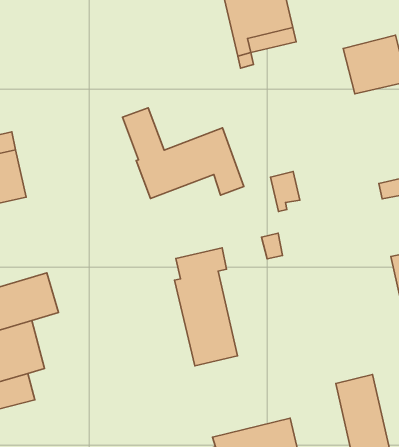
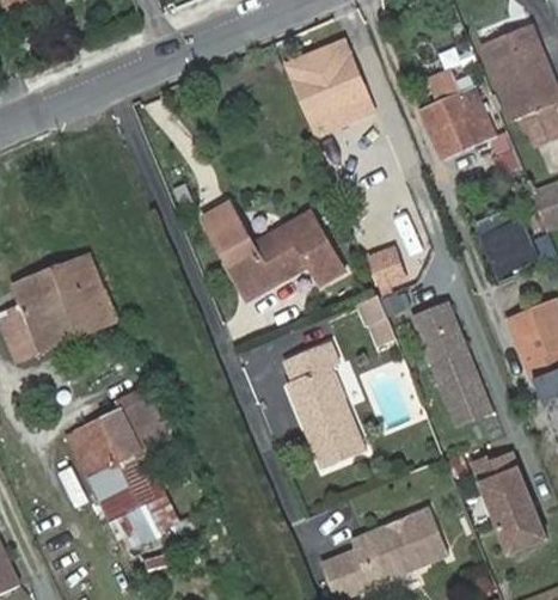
building: none -> [409,293,488,416]

